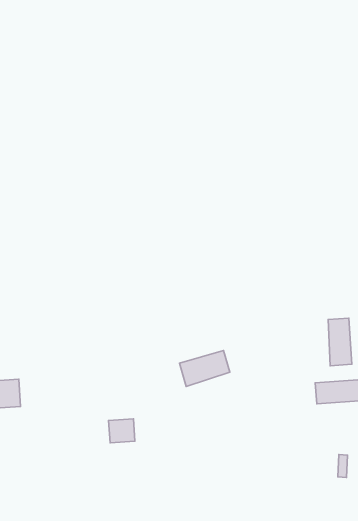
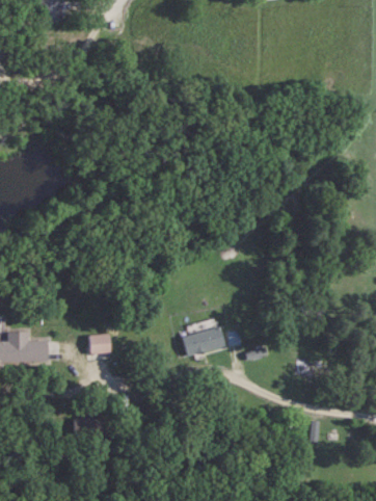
building: [328,318,352,366] -> none
building: [109,419,135,443] -> [90,335,111,353]

